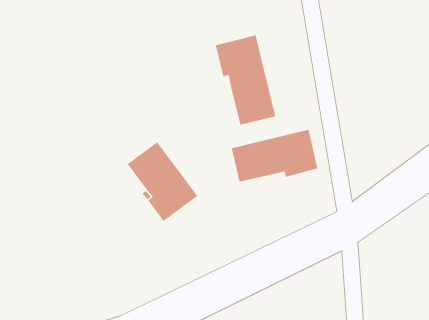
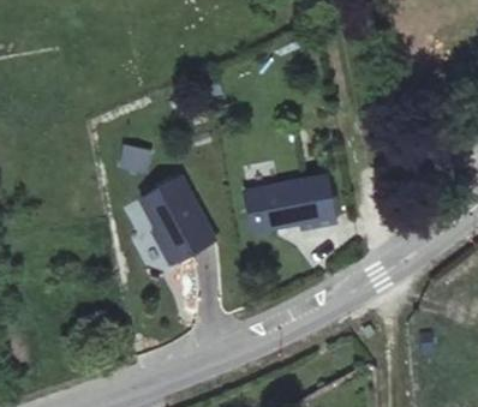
building: [215,35,276,126] -> none

